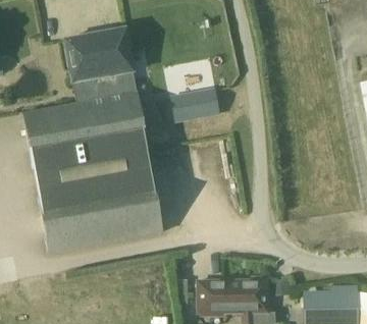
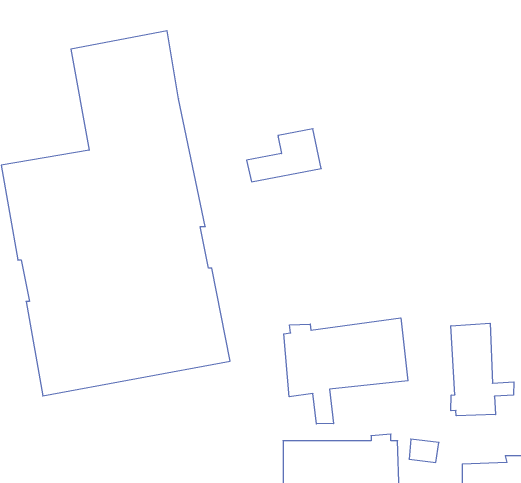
building: none -> [284,318,408,424]
building: none -> [451,323,514,416]

